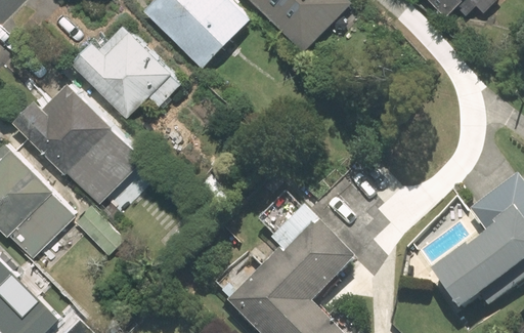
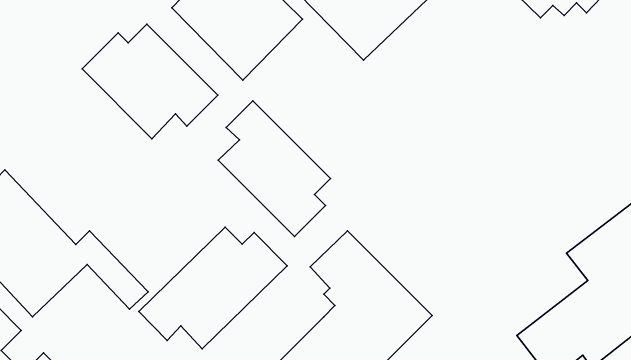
building: [7,78,143,206] -> none
building: none -> [218,101,330,236]
building: none -> [139,227,287,349]

